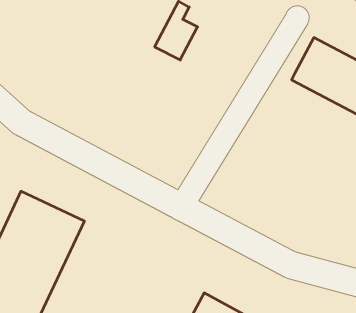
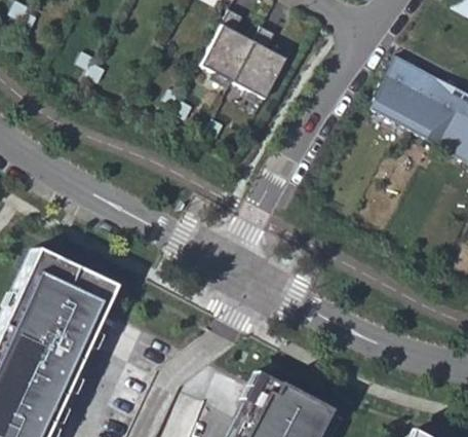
building: none -> [234,27,287,101]

